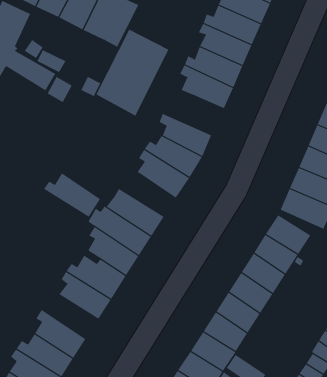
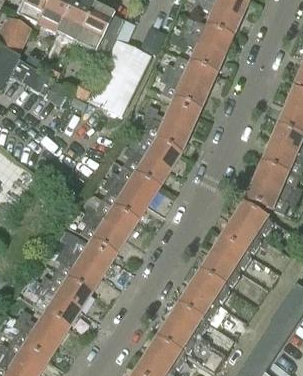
building: none -> [145,98,198,132]
building: [43,173,101,218] -> [107,164,157,203]
building: none -> [40,270,90,309]

